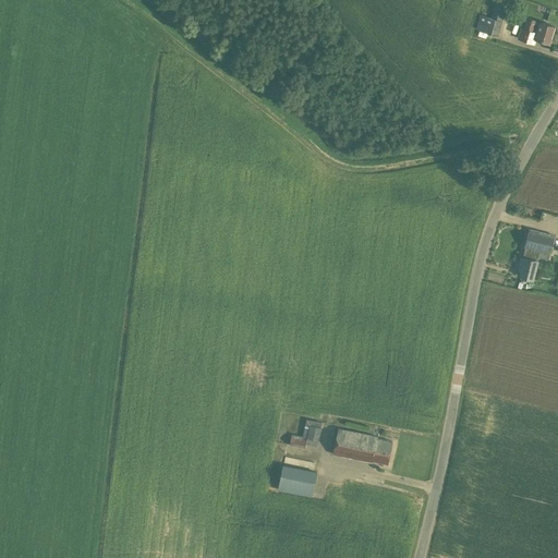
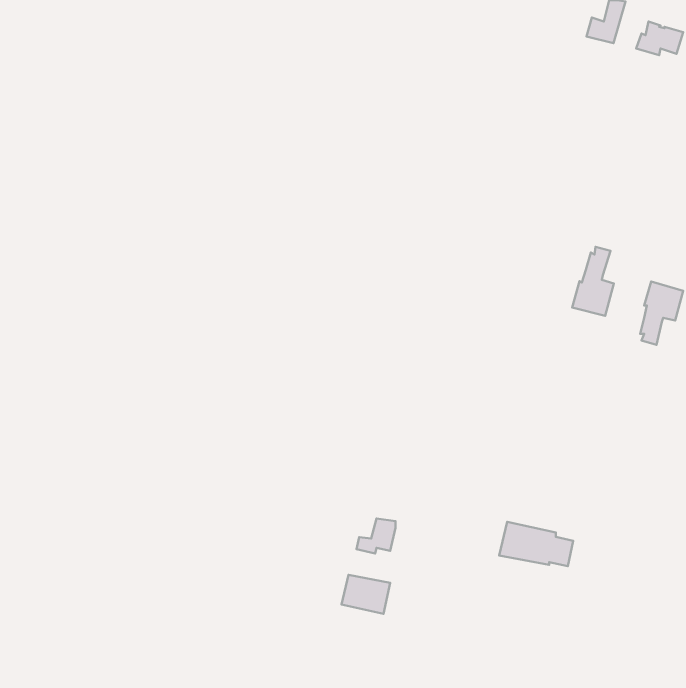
building: none -> [572,247,614,316]
building: [331,427,391,463] -> [499,522,573,566]

